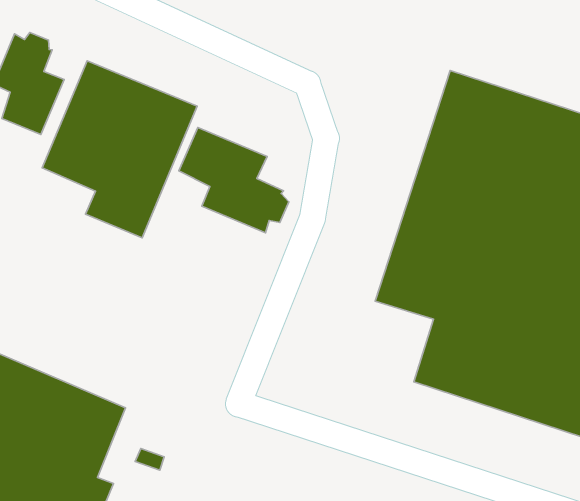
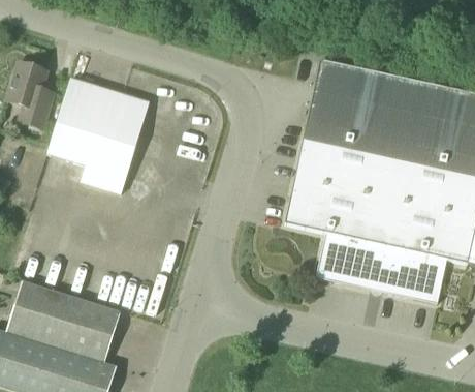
building: [179,128,289,233] -> none

